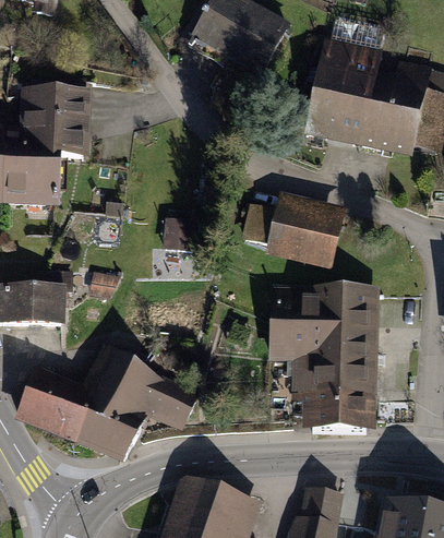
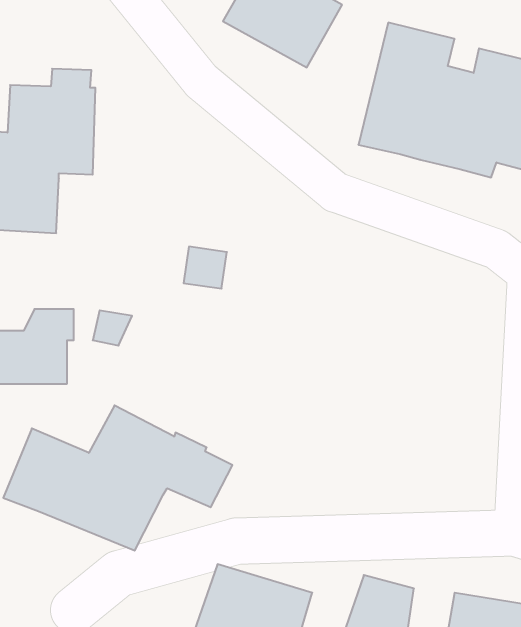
building: [240,188,344,266] -> none
building: [267,280,377,430] -> none

